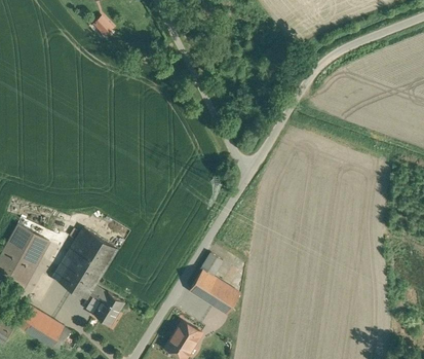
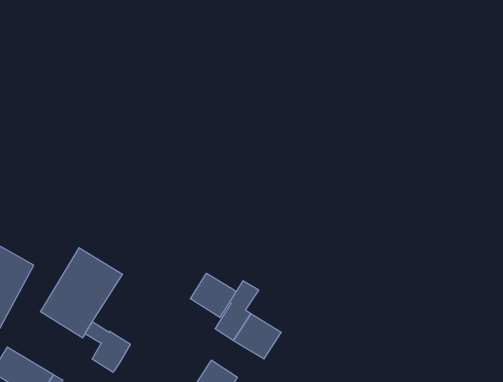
building: none -> [190,273,236,317]

